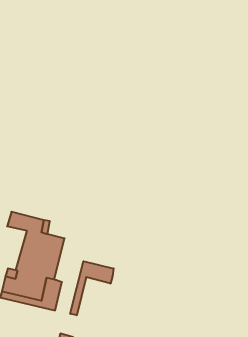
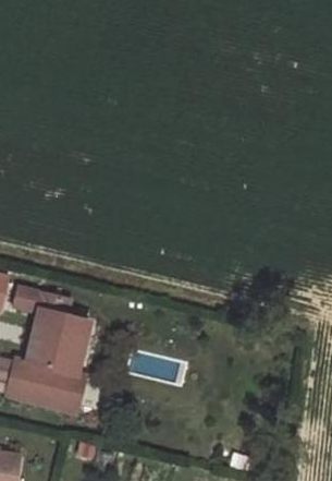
building: [70,261,114,315] -> none

